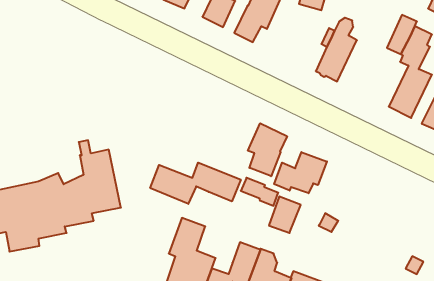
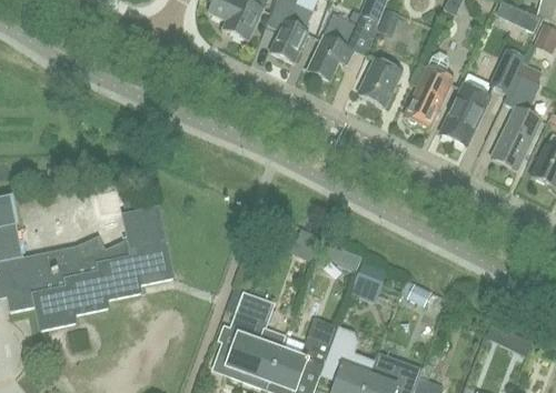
building: none -> [357,56,401,104]
building: none -> [439,81,490,143]
building: [248,123,287,176] -> none
building: [274,152,327,193] -> none
building: [150,163,241,204] -> none

